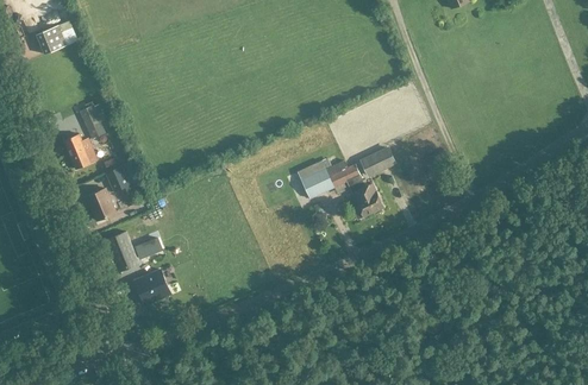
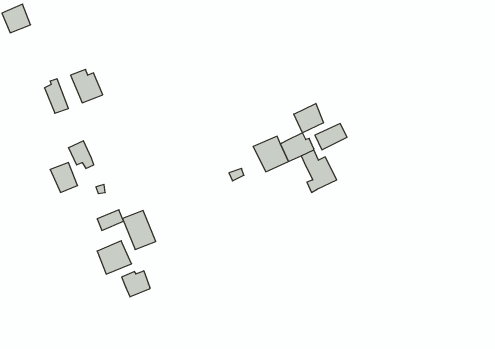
building: none -> [294,103,323,133]
building: [63,134,96,169] -> [71,69,103,103]
building: [104,232,138,272] -> [122,211,156,250]
building: none -> [122,271,150,297]

